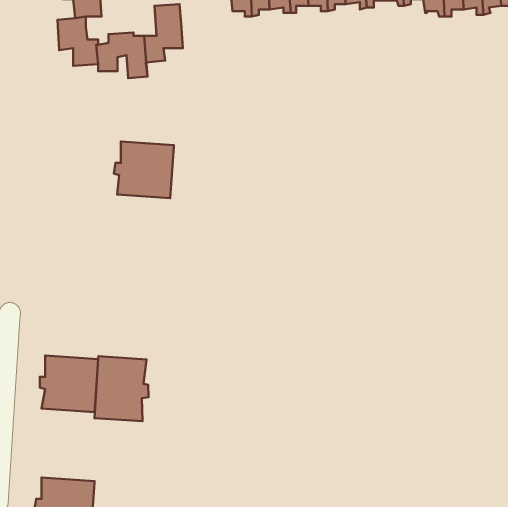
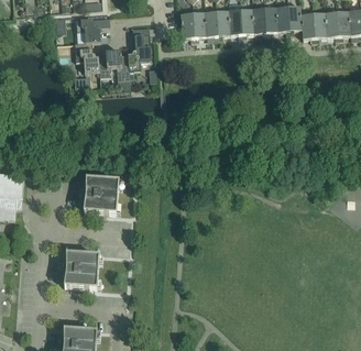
building: [114,142,174,198] -> [80,177,118,212]
building: [94,356,148,421] -> none

